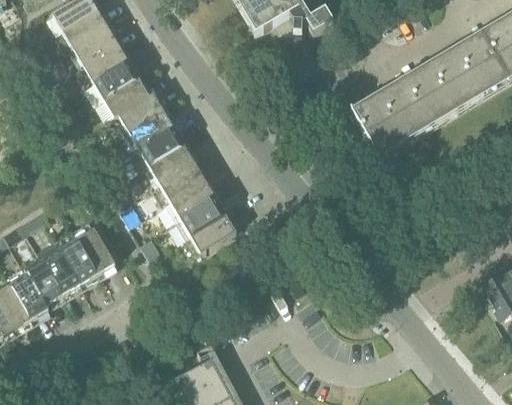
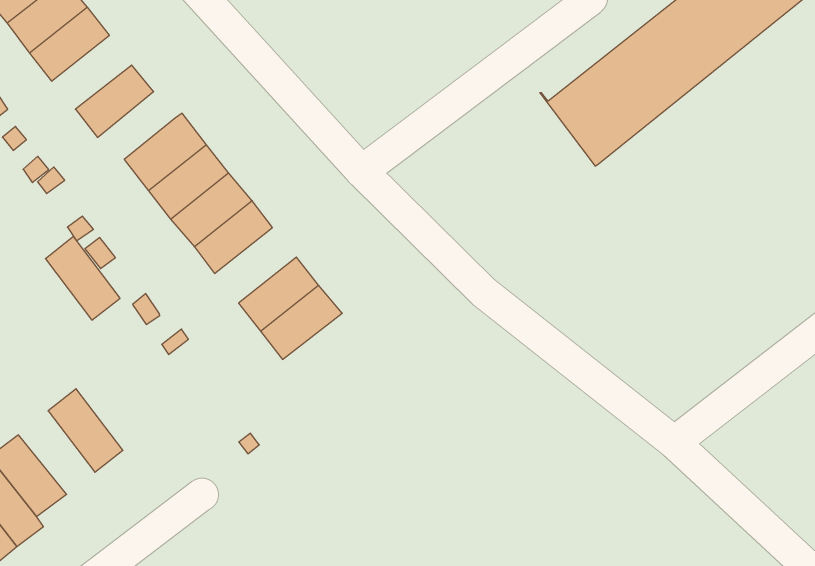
building: [85,47,130,85] -> none
building: [106,81,150,118] -> none
building: [160,164,206,203] -> none
building: [191,216,237,254] -> none
building: [76,228,114,275] -> [45,237,120,320]
building: [41,248,80,295] -> none

